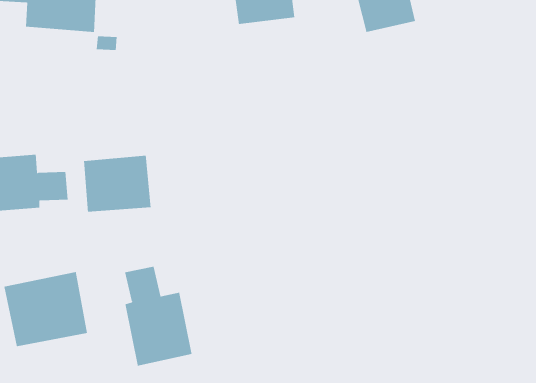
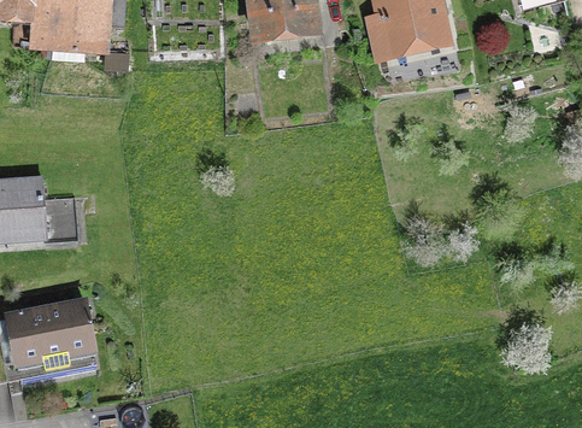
building: [84,155,151,213] -> none
building: [124,266,192,367] -> none

